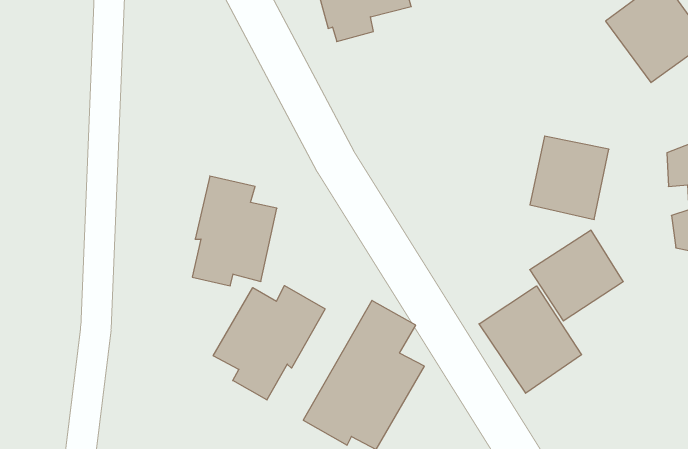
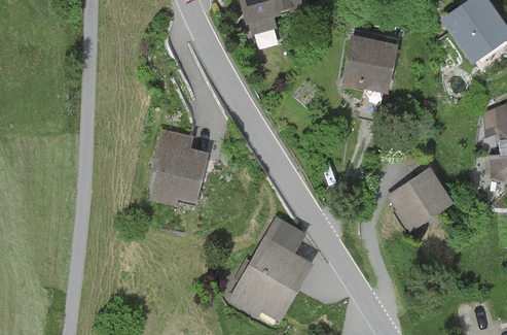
building: [530,136,609,219] -> [340,35,396,94]
building: [213,286,325,400] -> none
building: [479,286,582,393] -> none

